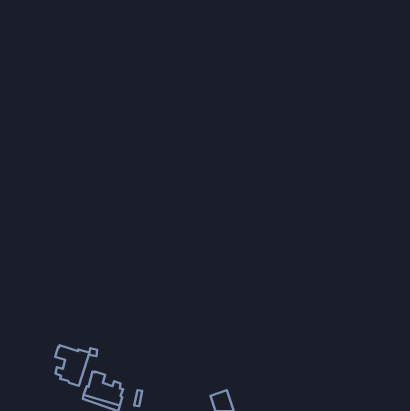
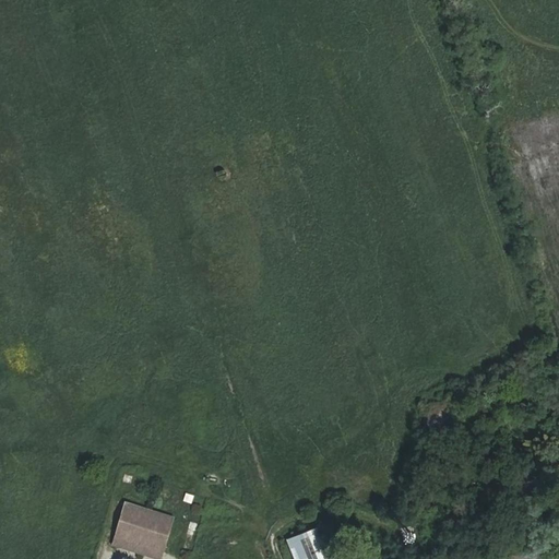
building: [55,345,90,386] -> none

